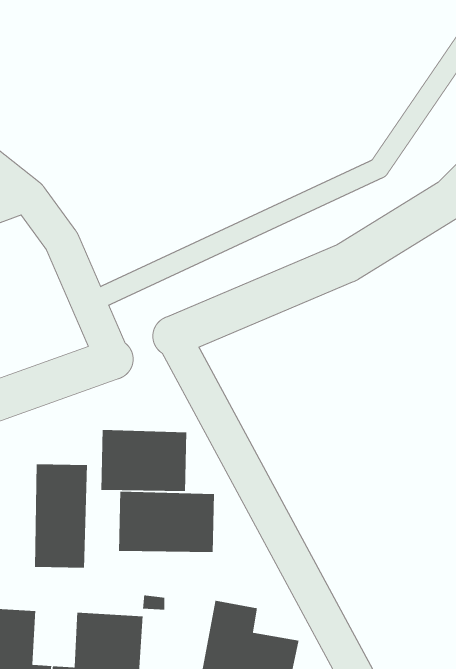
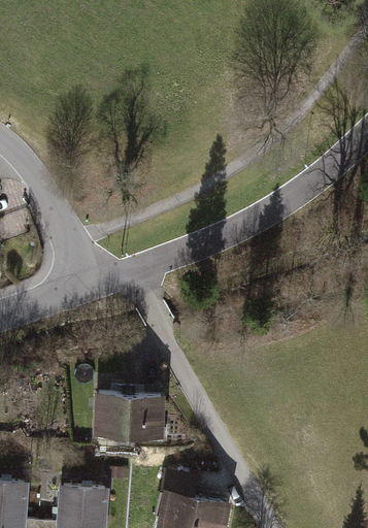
building: [100,429,187,492] -> none
building: [34,463,88,569] -> none

